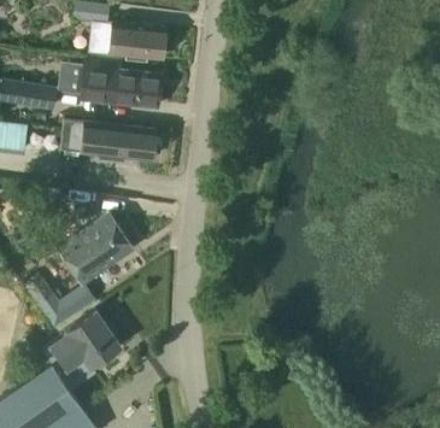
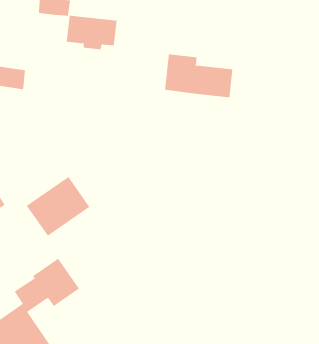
building: [80,57,162,109] -> [164,54,233,98]
building: [60,119,156,160] -> none
building: [37,294,90,327] -> none

